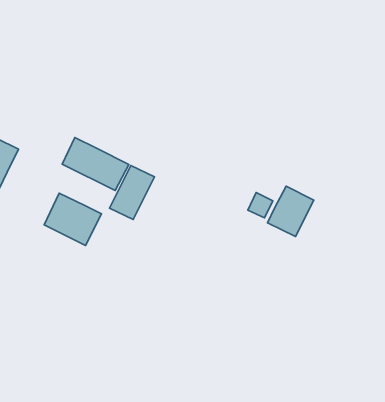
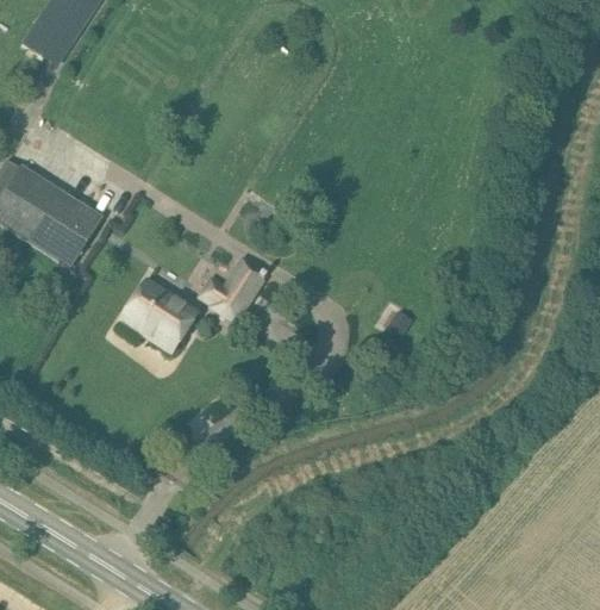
building: [62,137,129,191] -> none
building: [267,186,314,237] -> none

